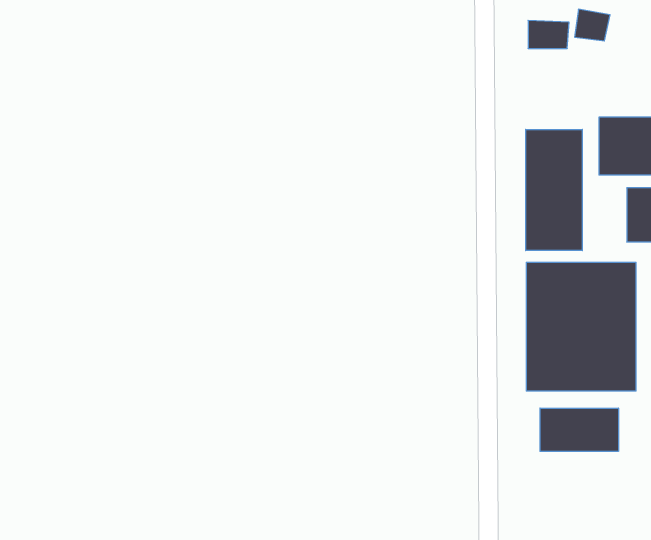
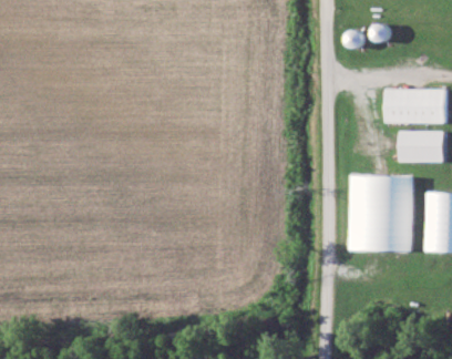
building: [526,129,582,251] -> none
building: [540,408,618,451] -> none

